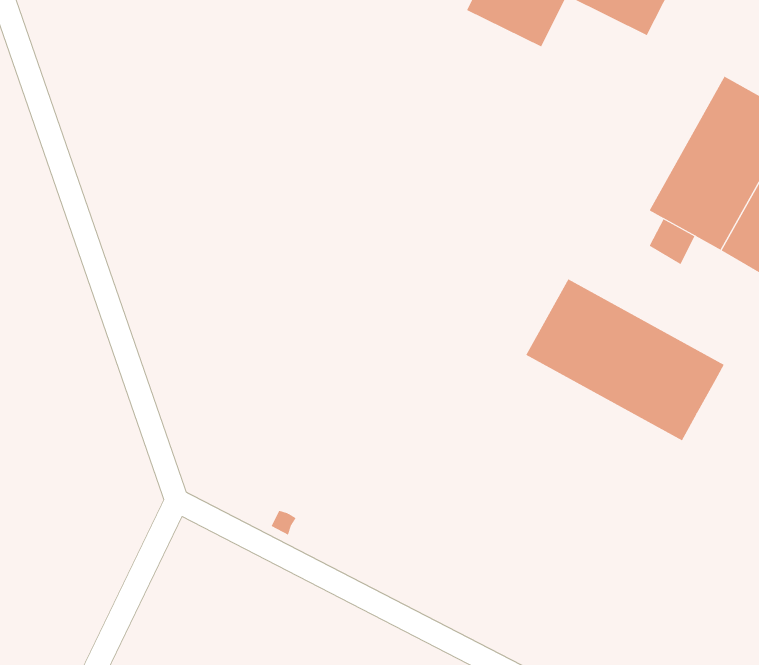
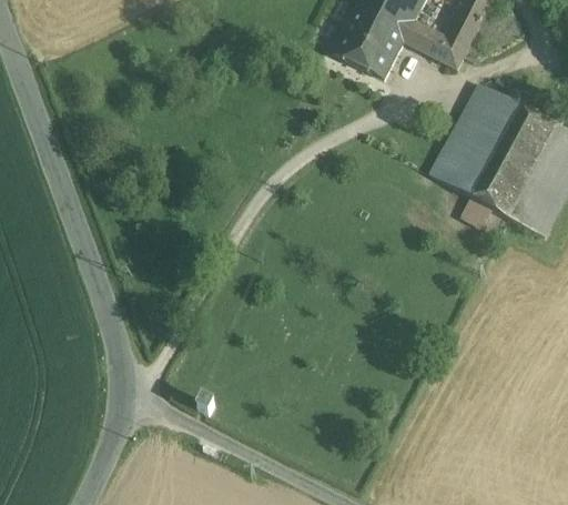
building: none -> [430,79,511,189]
building: [526,278,725,441] -> none

